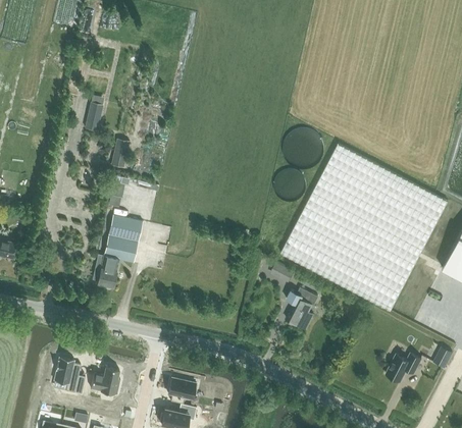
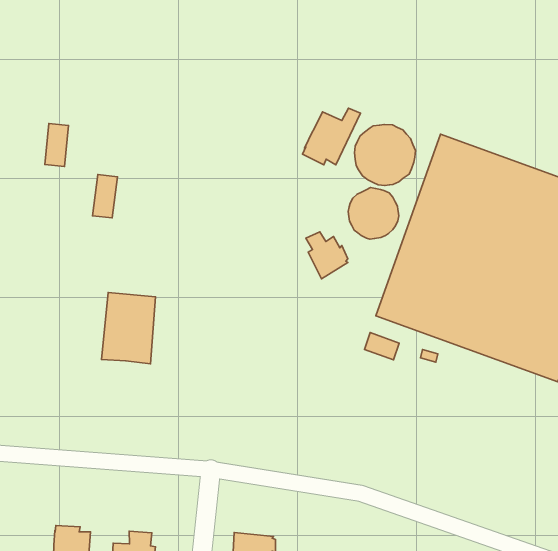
building: none -> [302,108,360,165]
building: none -> [306,232,348,279]
building: [97,257,118,288] -> none
building: [287,289,318,330] -> none

